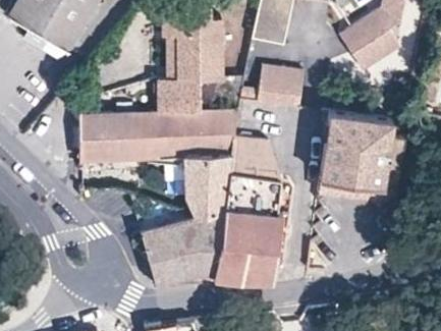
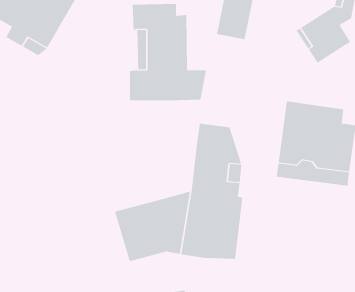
building: [240,65,305,107] -> none
building: [80,110,238,217] -> none

